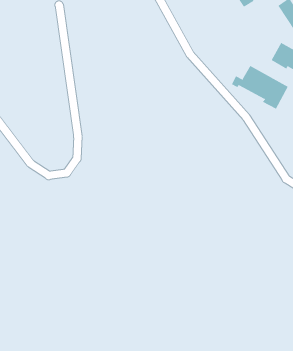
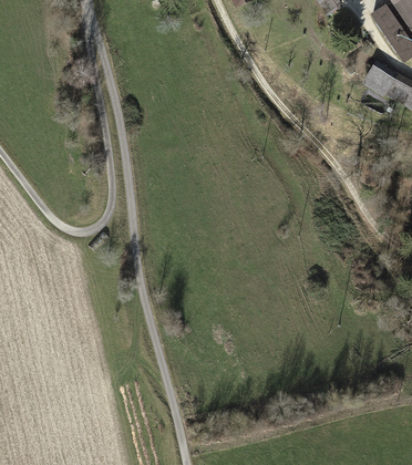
building: [231,65,289,109] -> none

